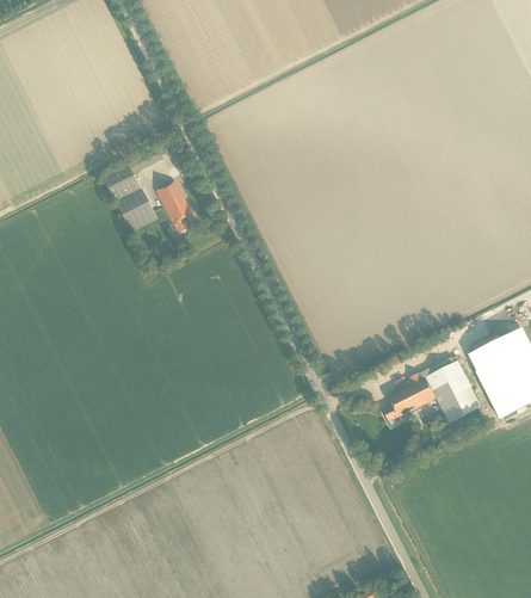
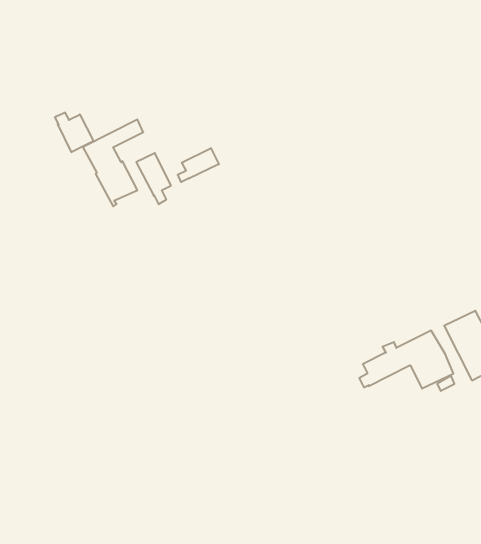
building: none -> [55,112,93,152]
building: none -> [178,148,219,182]

